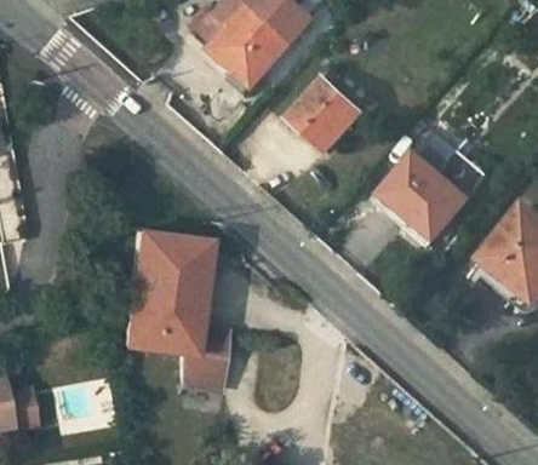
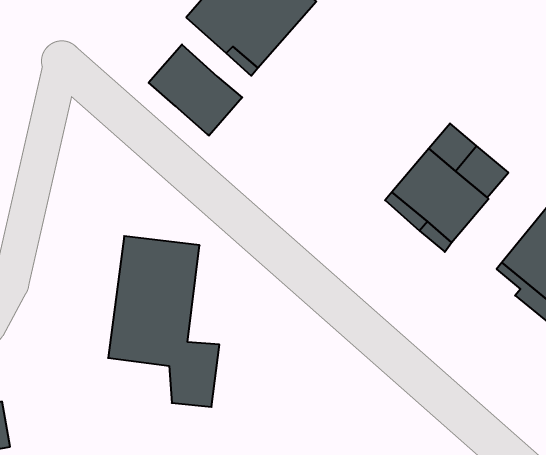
building: none -> [149,44,242,136]
building: [288,76,361,149] -> none

